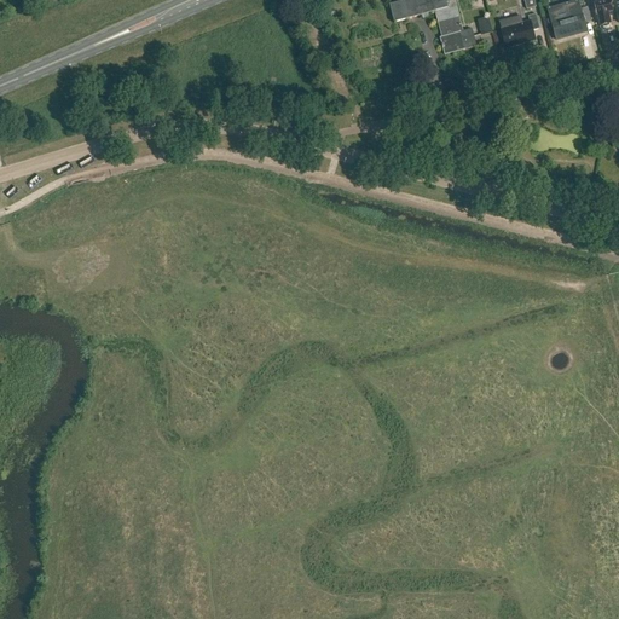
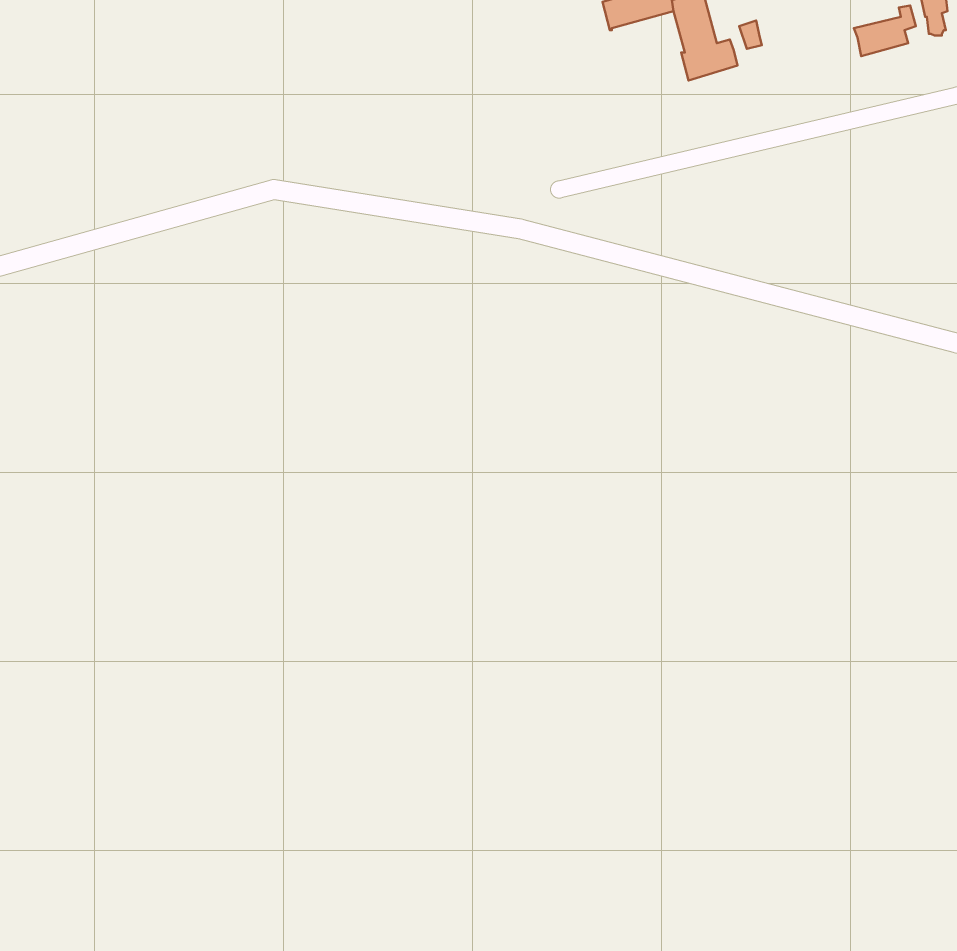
building: [498,10,539,45] -> none

